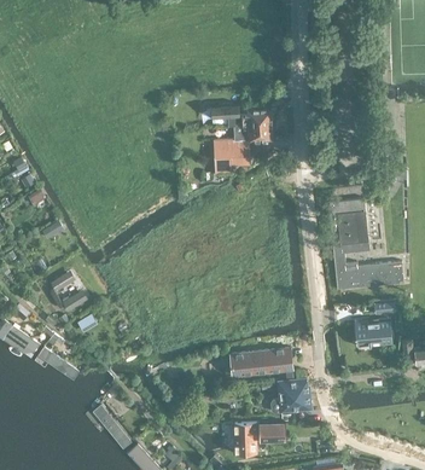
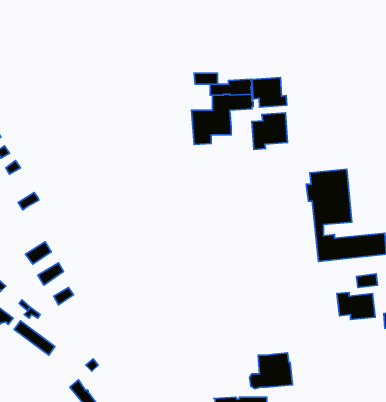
building: none -> [252,77,287,107]
building: none -> [252,113,288,149]
building: [231,347,293,381] -> none

